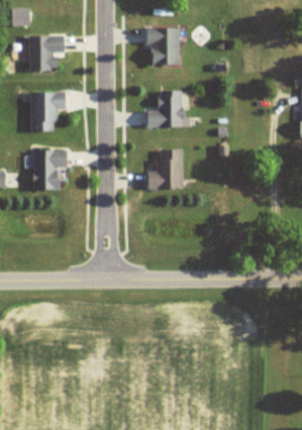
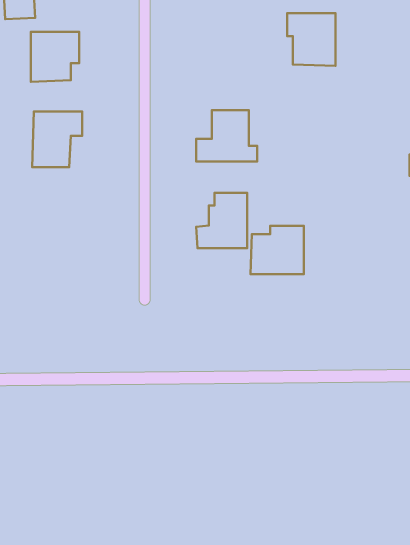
building: [145,27,180,65] -> [287,13,336,66]
building: [32,150,68,190] -> none
building: none -> [250,226,304,274]

